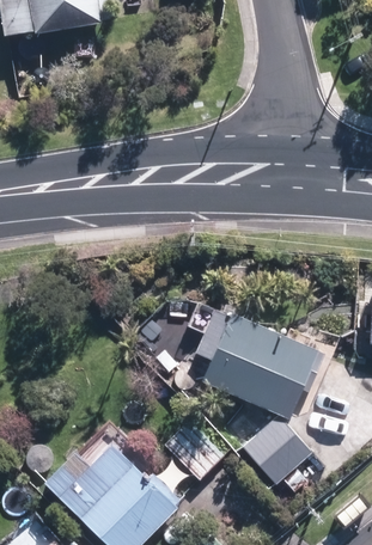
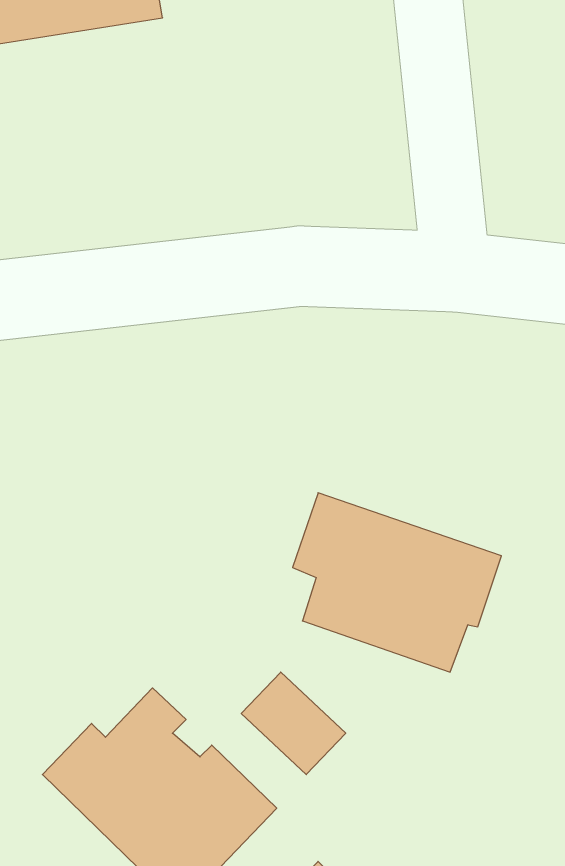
building: [243,415,312,484] -> none

